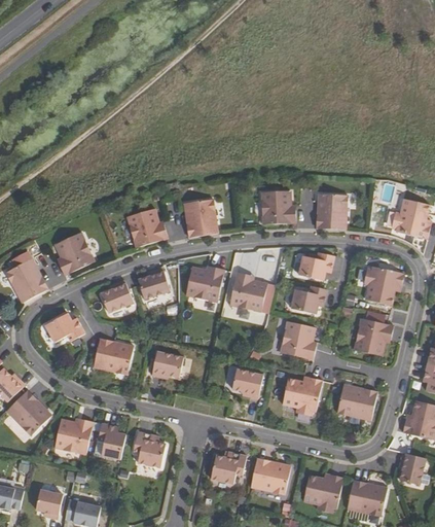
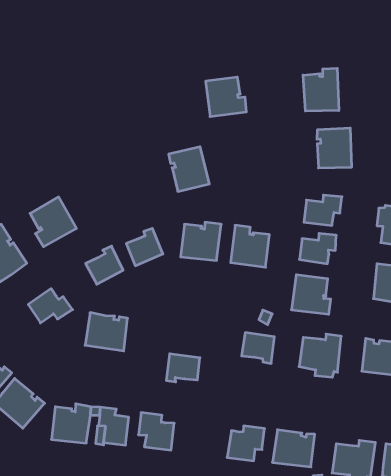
building: none -> [303,68,339,111]
building: [261,190,295,223] -> [206,77,246,117]
building: [126,208,168,247] -> none
building: [151,351,183,377] -> [166,354,200,382]

